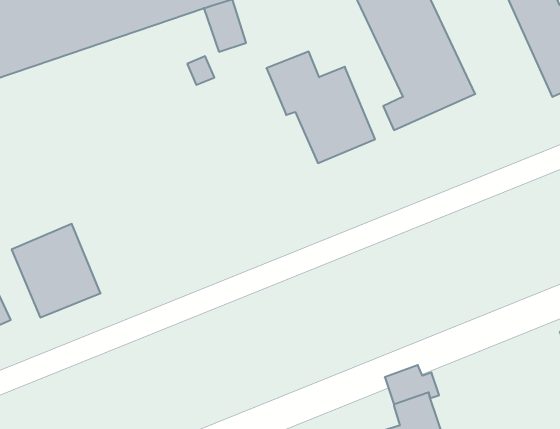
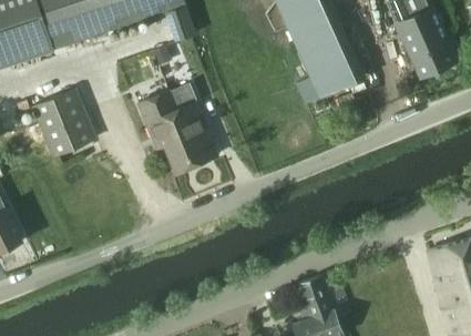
building: [266,52,375,163] -> [139,90,218,172]
building: [12,224,101,317] -> [32,88,98,156]

